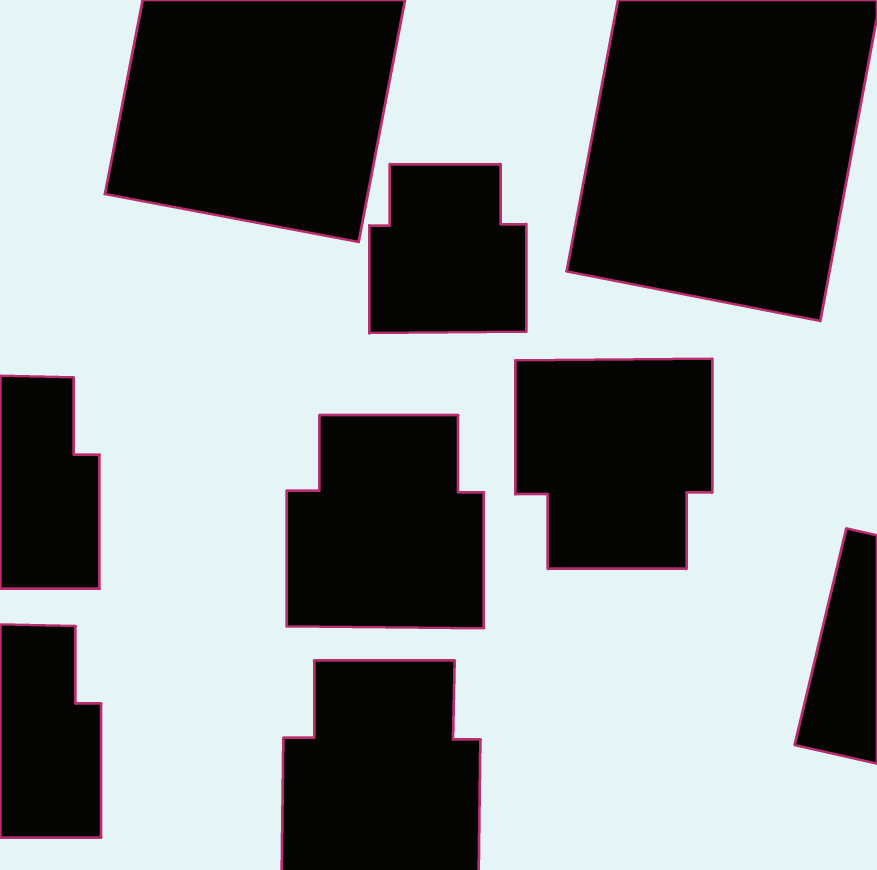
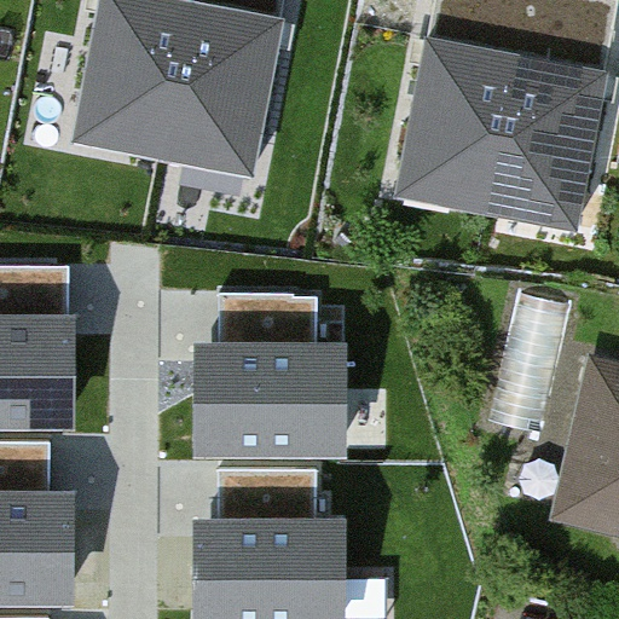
building: [369,164,526,333] -> none
building: [515,359,712,569] -> none

